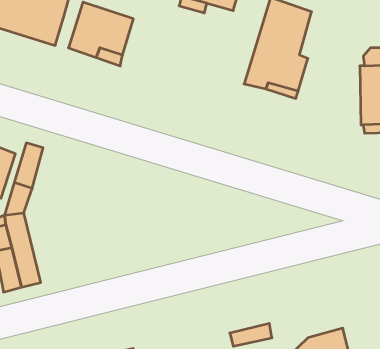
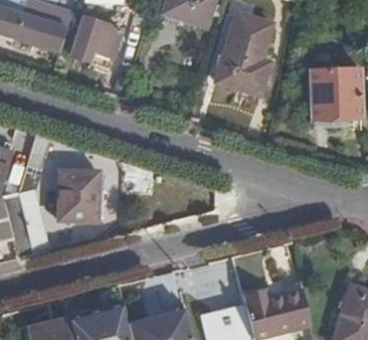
building: none -> [54,168,96,218]

